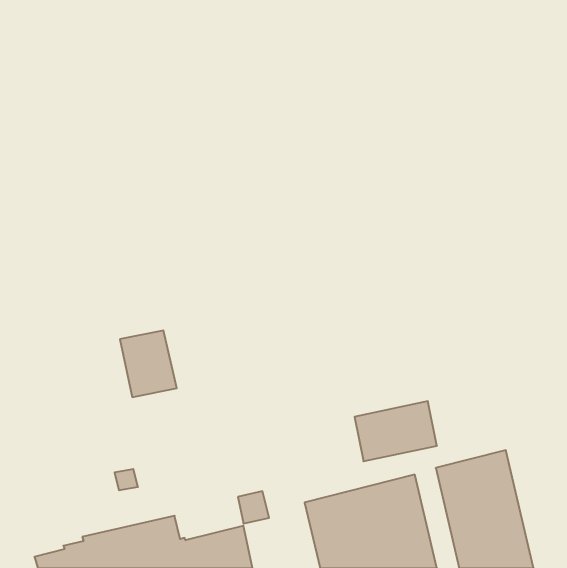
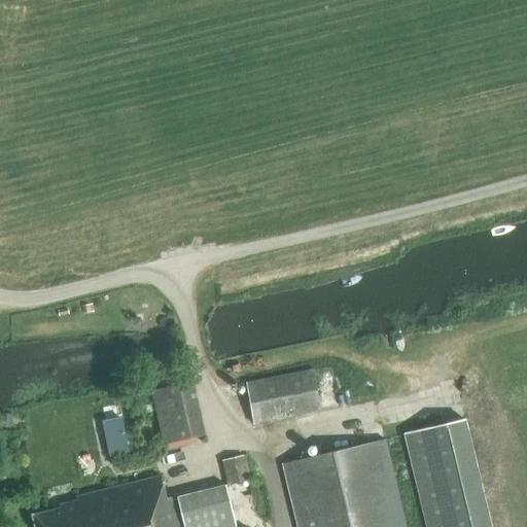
building: [120,330,177,397] -> [153,384,206,446]
building: [355,401,437,461] -> [244,368,320,424]

